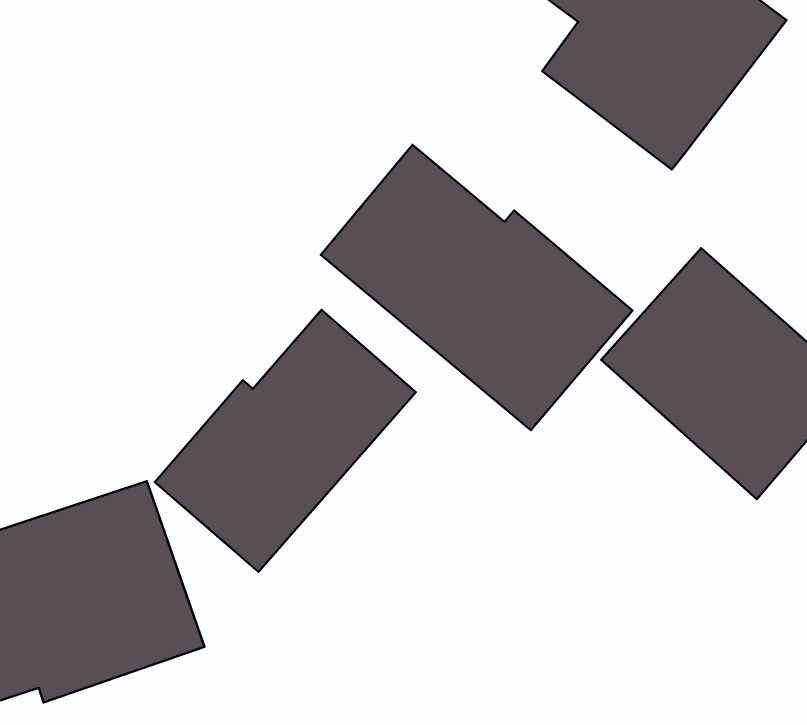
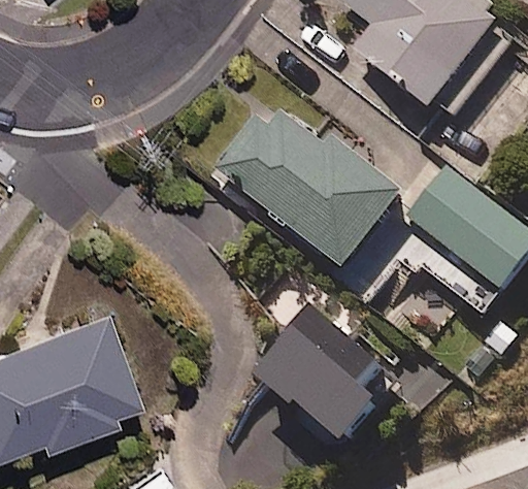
building: [155,310,416,572] -> none
building: none -> [259,301,393,452]

